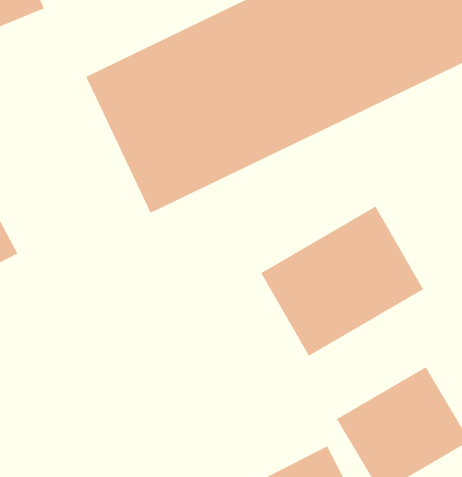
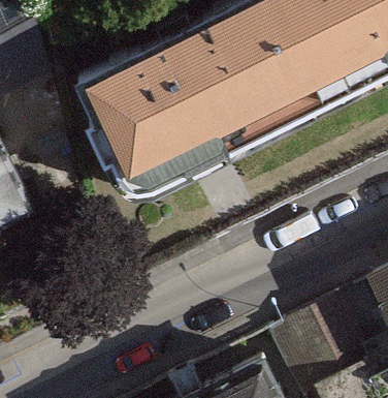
building: [260,205,424,357] -> none

